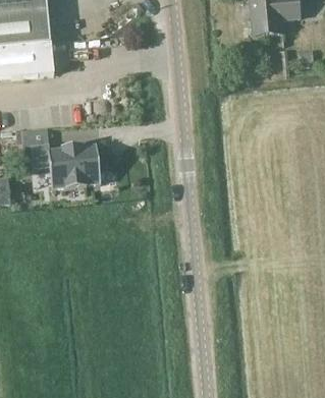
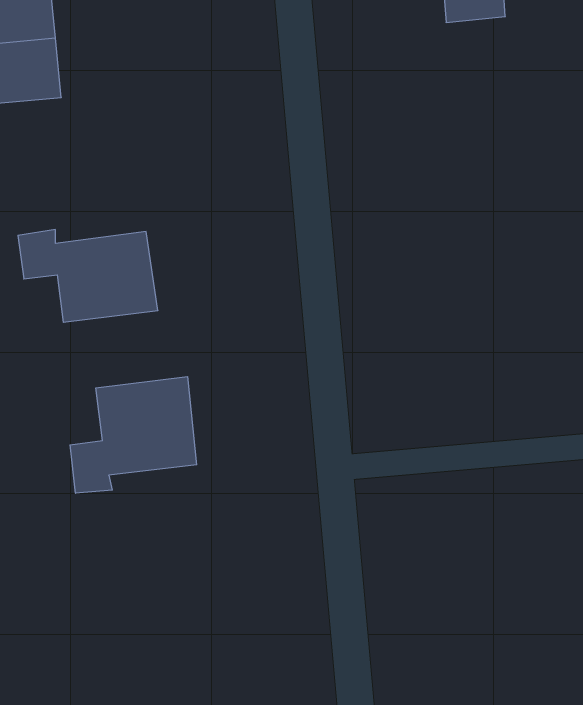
building: none -> [70,377,197,493]

